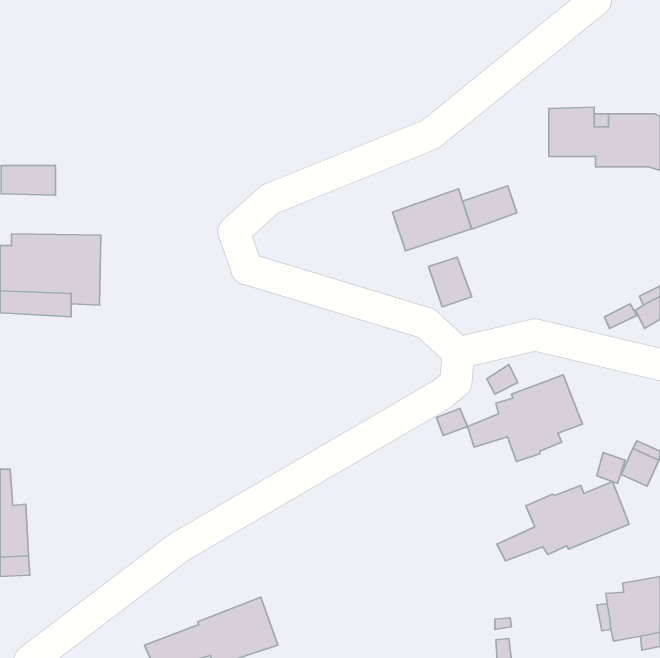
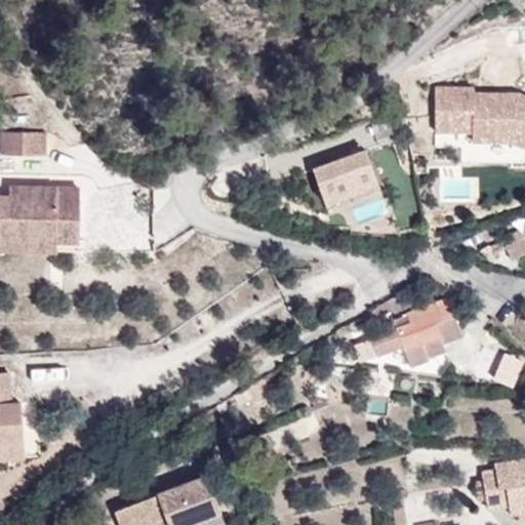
building: [462,186,517,229] -> none
building: [429,257,472,307] -> none
building: [497,482,629,561] -> none

